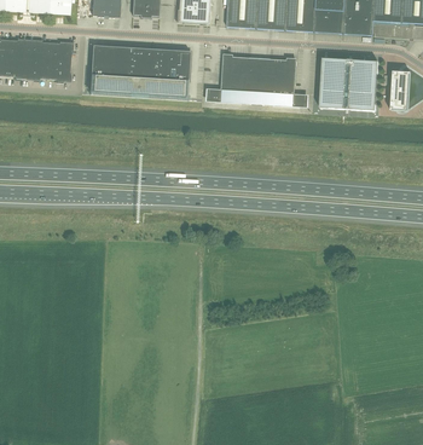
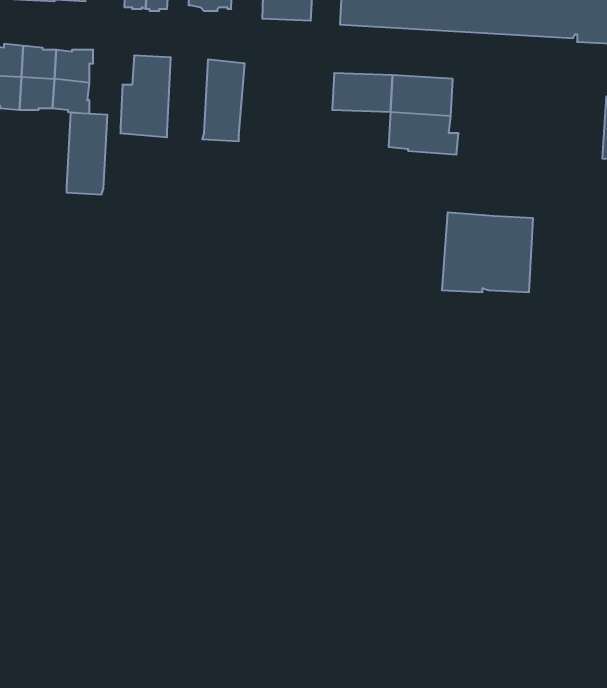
building: [118,46,144,97] -> [67,113,107,194]
building: [163,50,190,99] -> none
building: [319,58,376,108] -> [442,212,533,292]
building: [214,79,257,103] -> none

